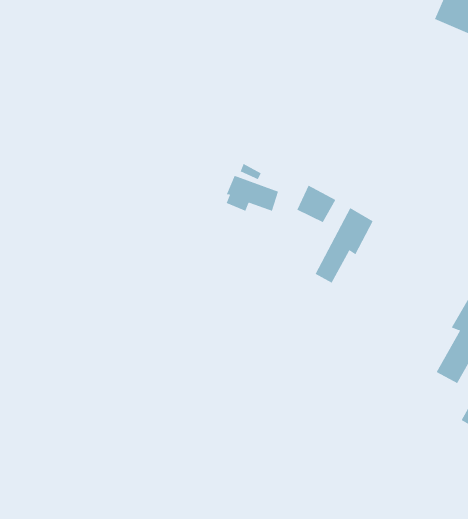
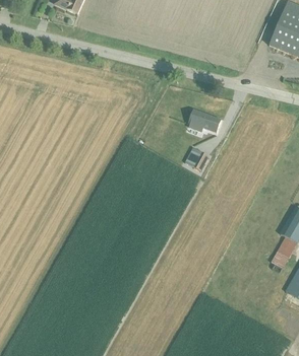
building: [226,175,279,212] -> [188,109,221,131]
building: [315,207,373,284] -> none

